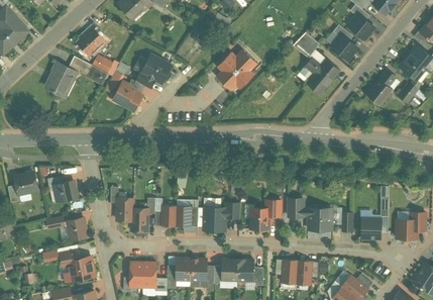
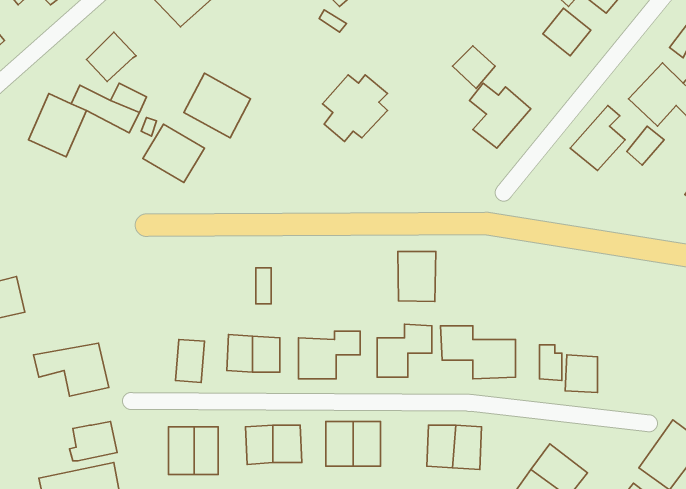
building: [330,29,361,61] -> none
building: none -> [398,252,436,301]
building: [50,178,79,203] -> none
building: [114,196,132,222] -> none
building: [393,209,421,238] -> none

